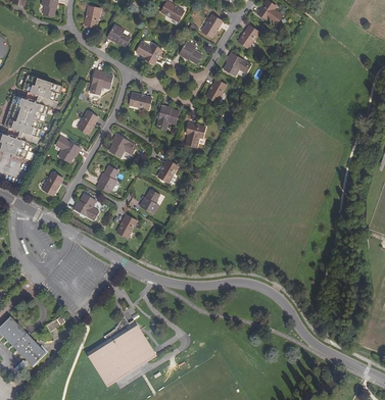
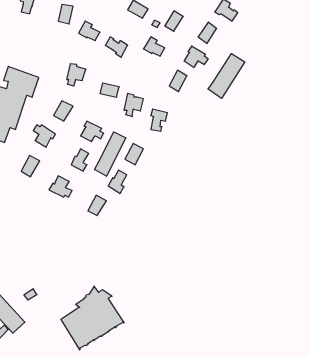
building: none -> [208,54,245,98]
building: none -> [95,132,126,176]

